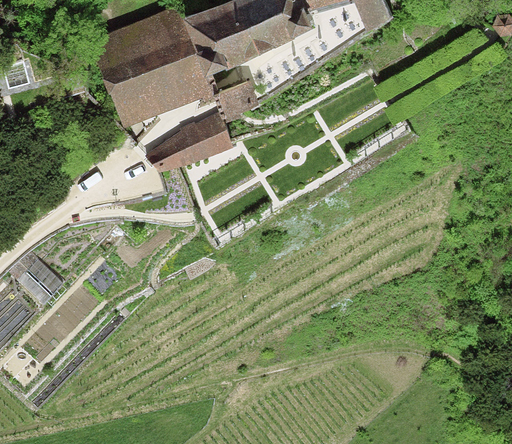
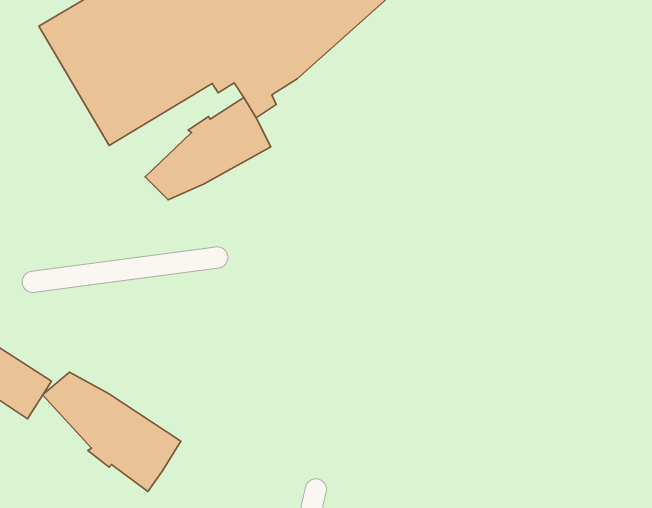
building: none -> [43,372,181,492]

